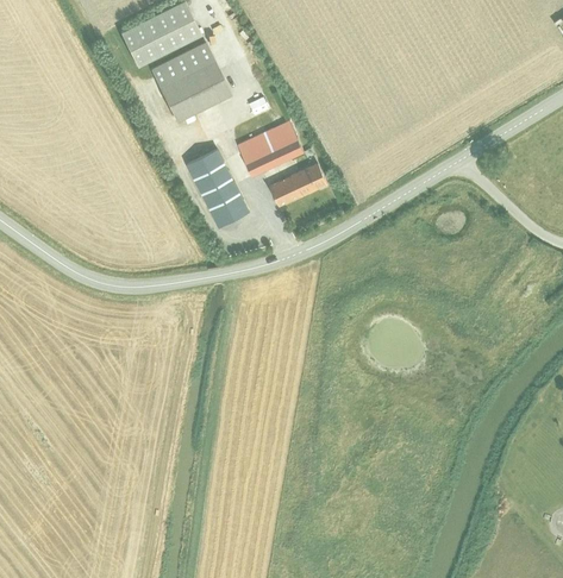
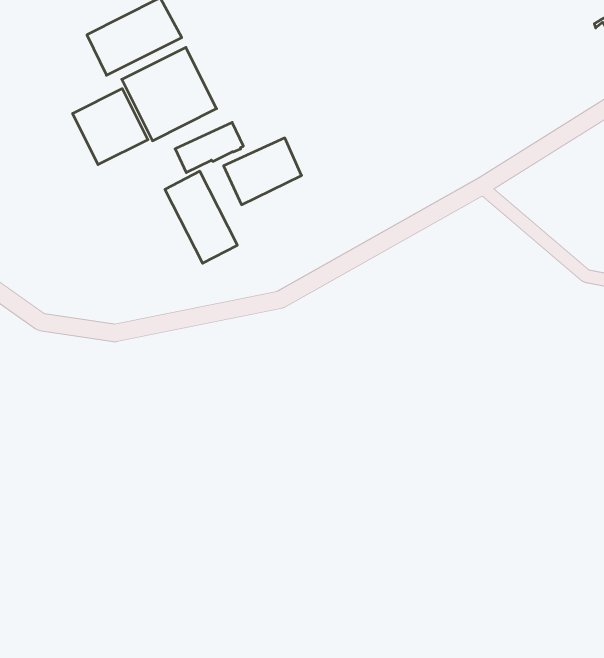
building: none -> [73,89,148,165]
building: [269,163,327,206] -> [175,122,243,173]

